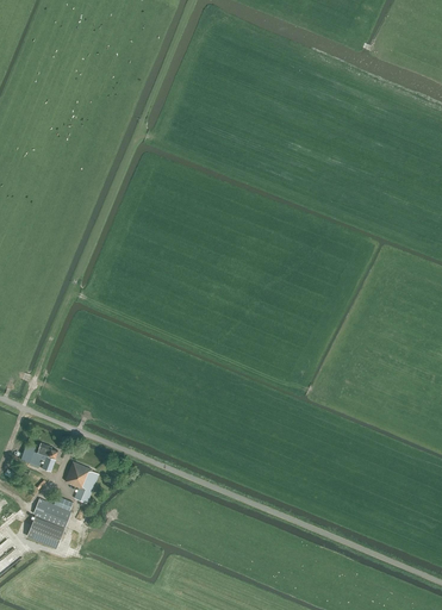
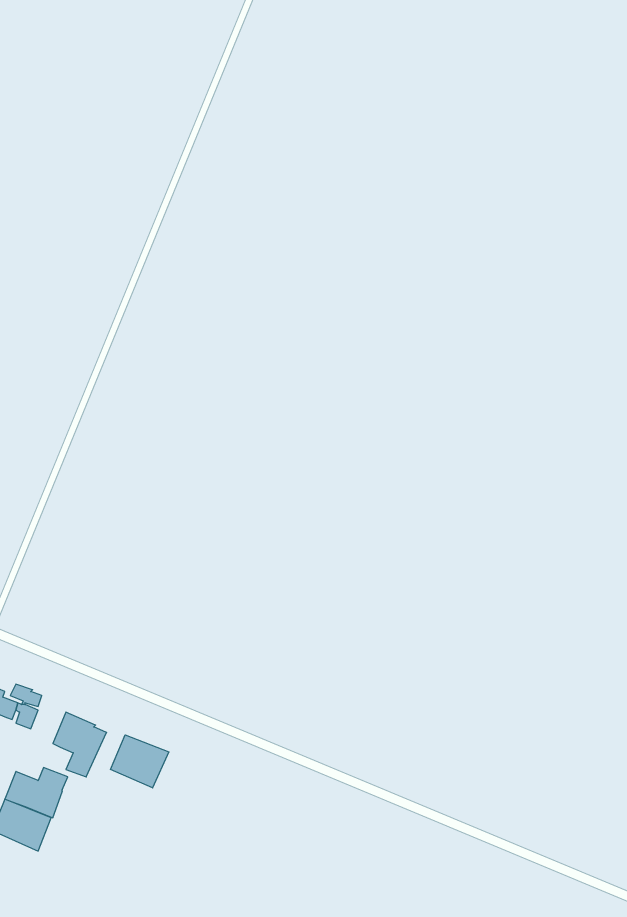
building: none -> [110,735,169,788]

